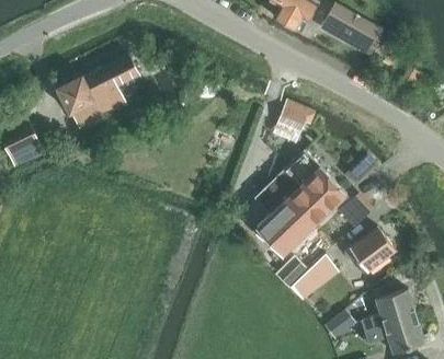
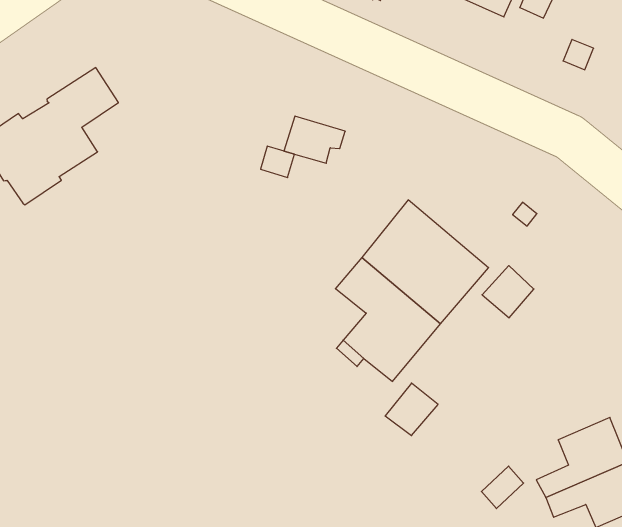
building: [276,102,314,131] -> [284,116,345,163]
building: [343,225,395,271] -> none
building: [291,254,339,300] -> none

